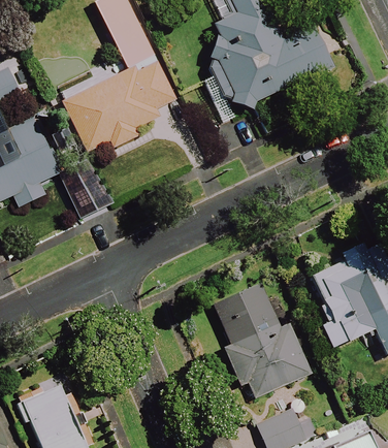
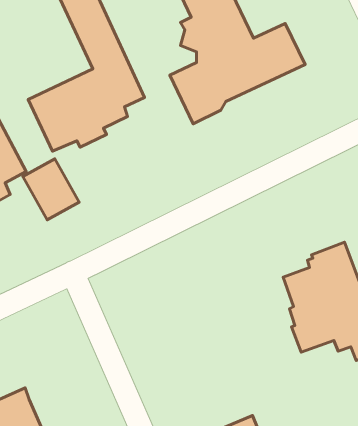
building: [213,282,312,396] -> none

